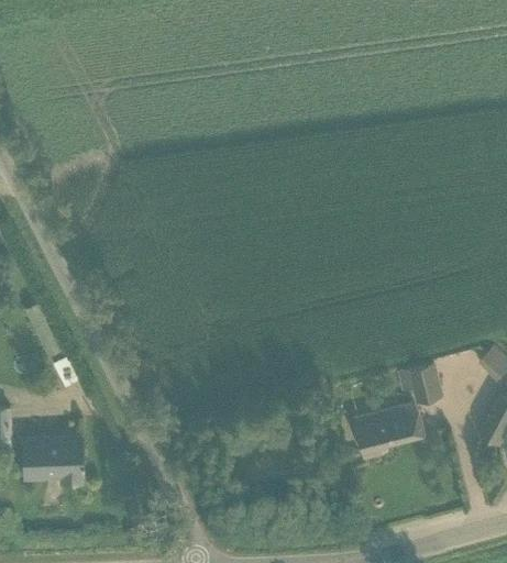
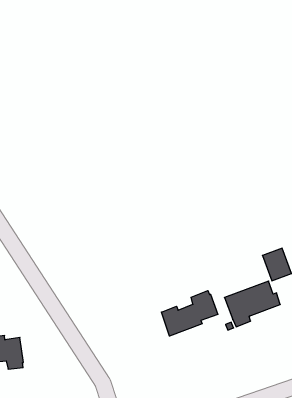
building: none -> [161,291,218,336]

